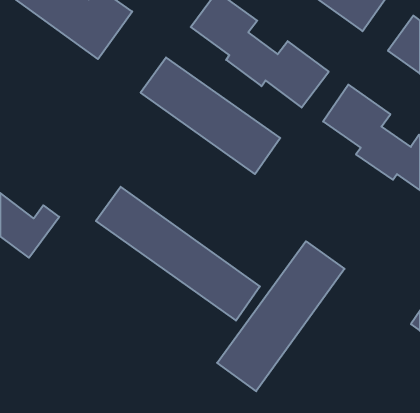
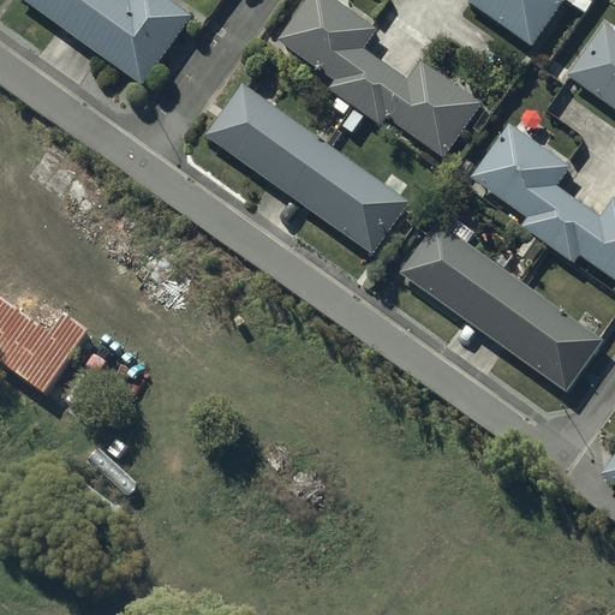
building: none -> [401,222,603,393]
building: [96,187,260,321] -> none
building: [217,241,345,391] -> none

